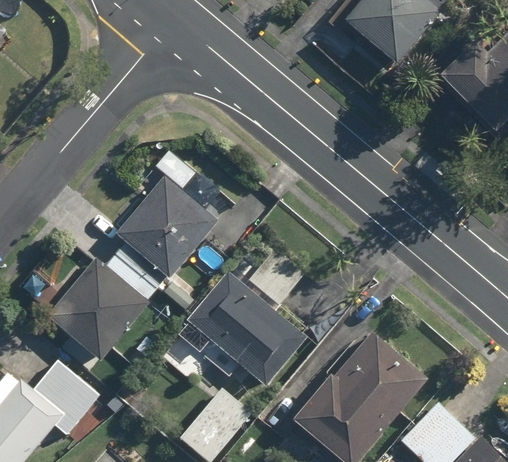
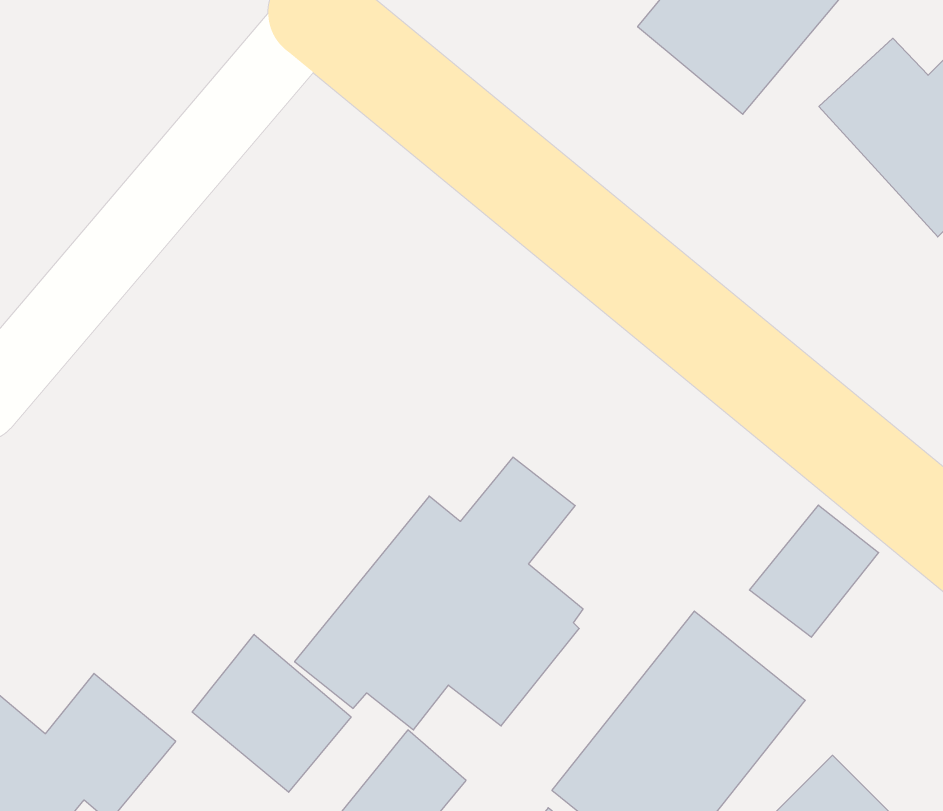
building: [46,149,220,360] -> none
building: none -> [749,505,879,637]
building: none -> [192,634,351,792]

